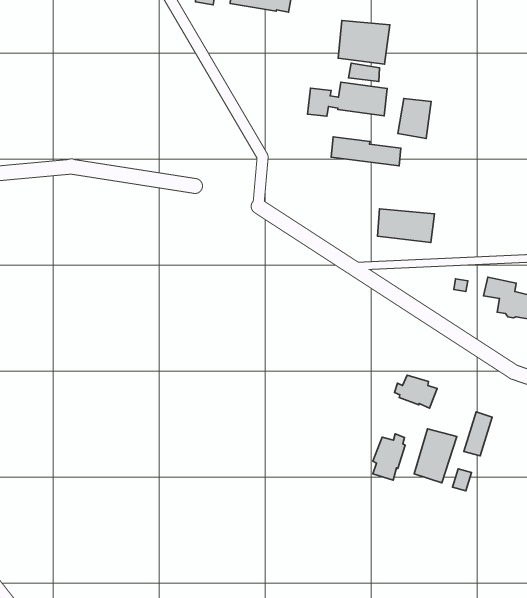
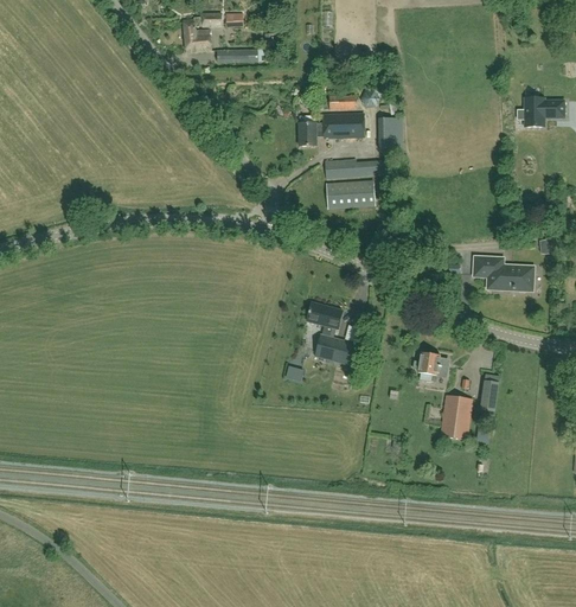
building: [338,20,390,64] -> none
building: [378,209,434,242] -> [325,180,373,207]
building: none -> [306,301,356,365]
building: [373,434,405,480] -> none

